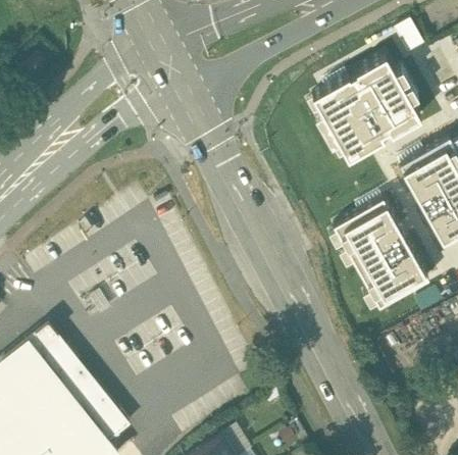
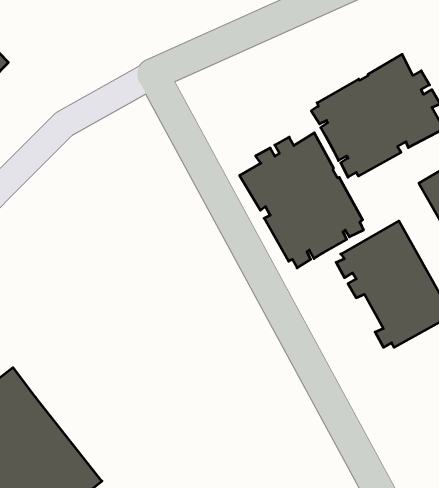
building: none -> [240,133,363,268]

